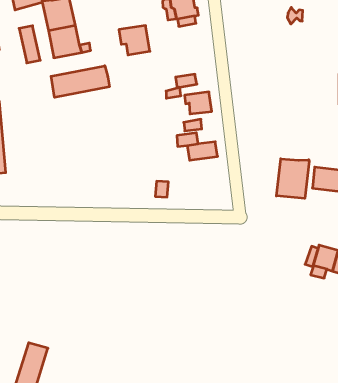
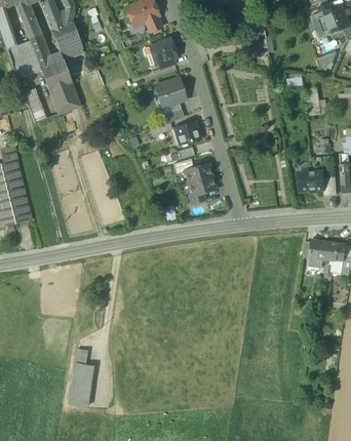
building: [119,26,150,55] -> [156,77,186,105]
building: [51,66,109,97] -> none
building: none -> [189,175,216,203]
building: [276,159,309,198] -> none

